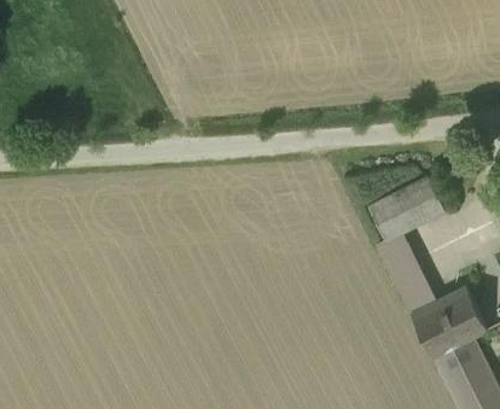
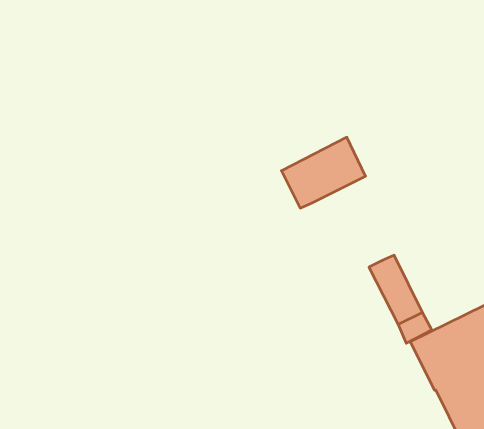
building: [370,177,446,241] -> [281,137,366,208]

